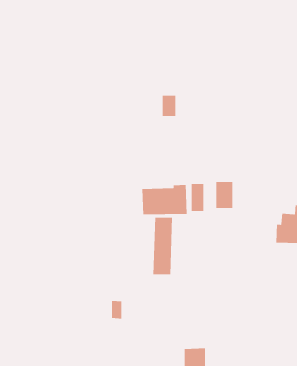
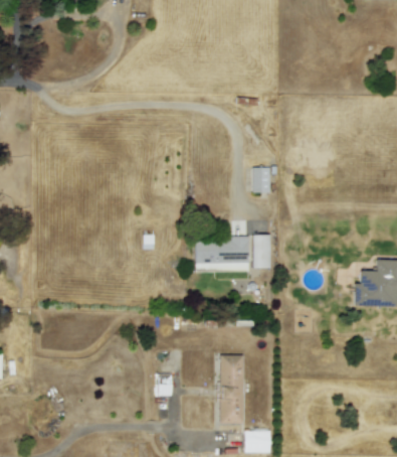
building: [162,95,176,116] -> [252,167,269,192]
building: [216,181,233,209] -> none
building: [153,217,173,275] -> [220,354,244,423]

